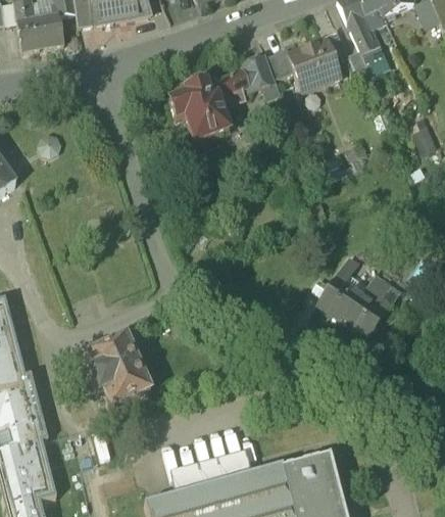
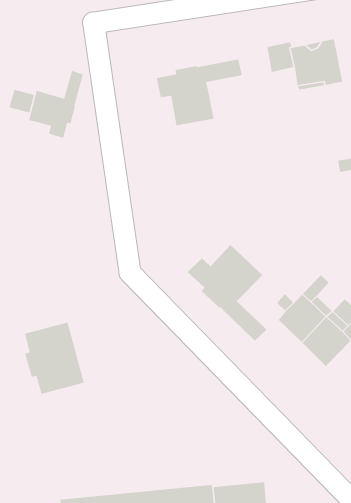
building: [241,55,281,100] -> none
building: none -> [28,70,84,139]
building: none -> [187,244,267,341]
building: [168,451,251,494] -> none

